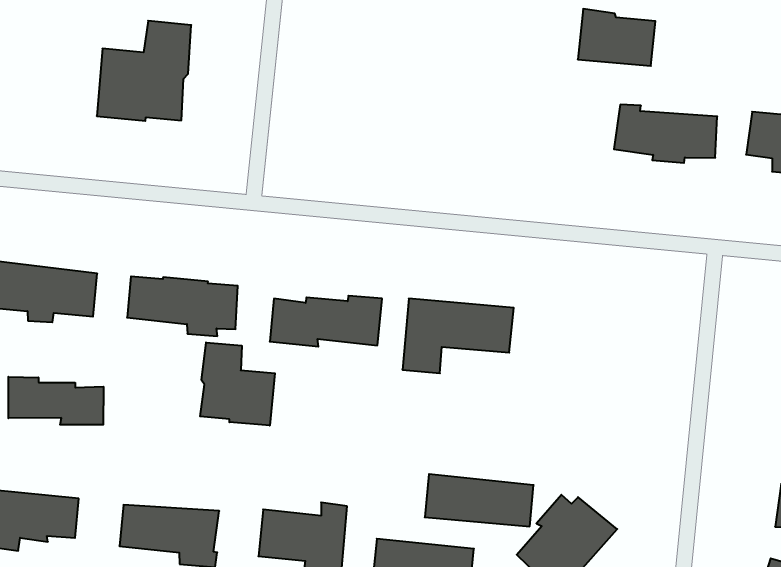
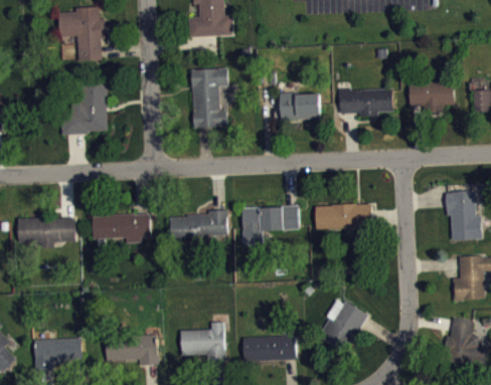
building: [578,9,655,66] -> [280,93,320,121]
building: none -> [190,68,227,129]
building: [200,342,275,426] -> none
building: [8,377,103,425] -> none
building: [425,474,534,526] -> [315,204,372,229]

